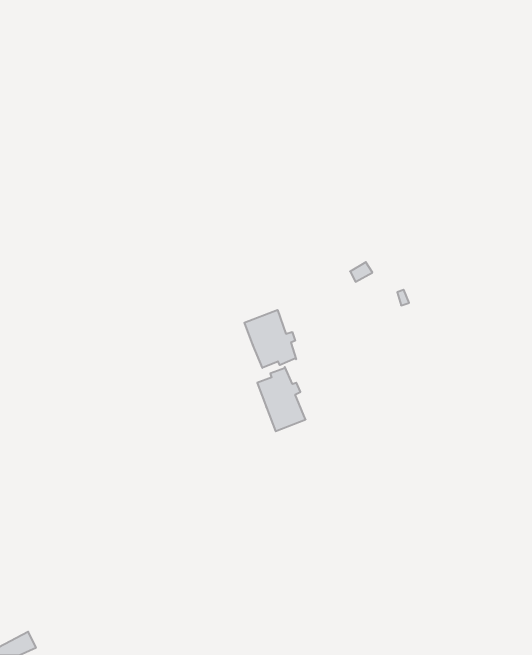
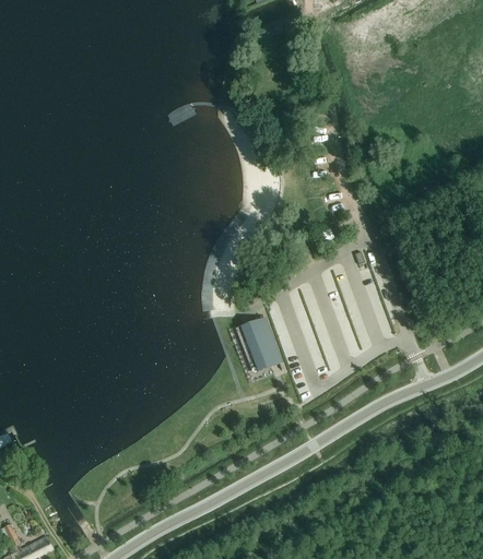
building: [244,310,296,368] -> none

